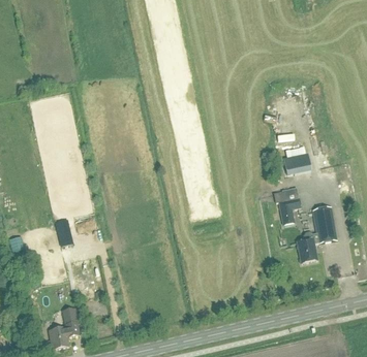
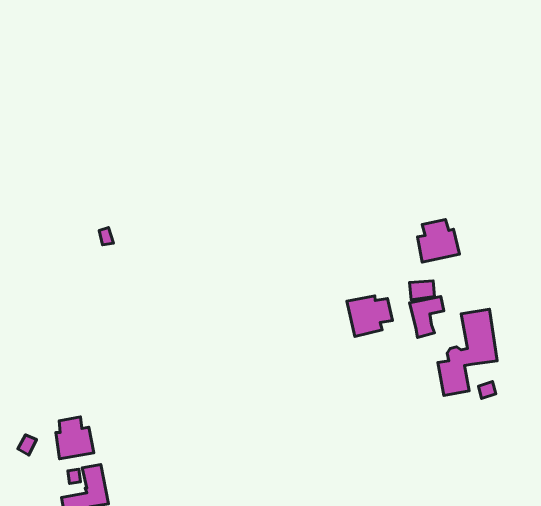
building: none -> [347,296,393,337]
building: none -> [56,417,94,459]

